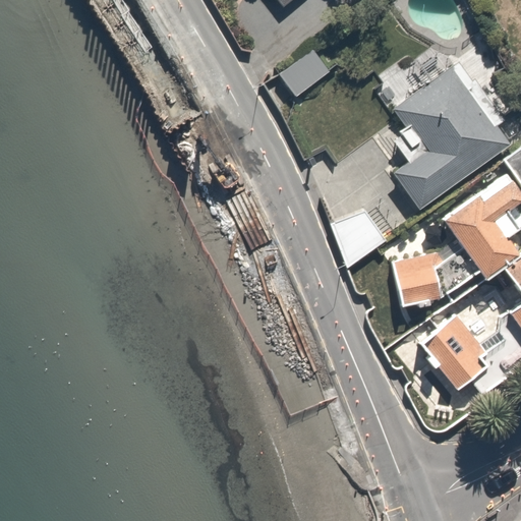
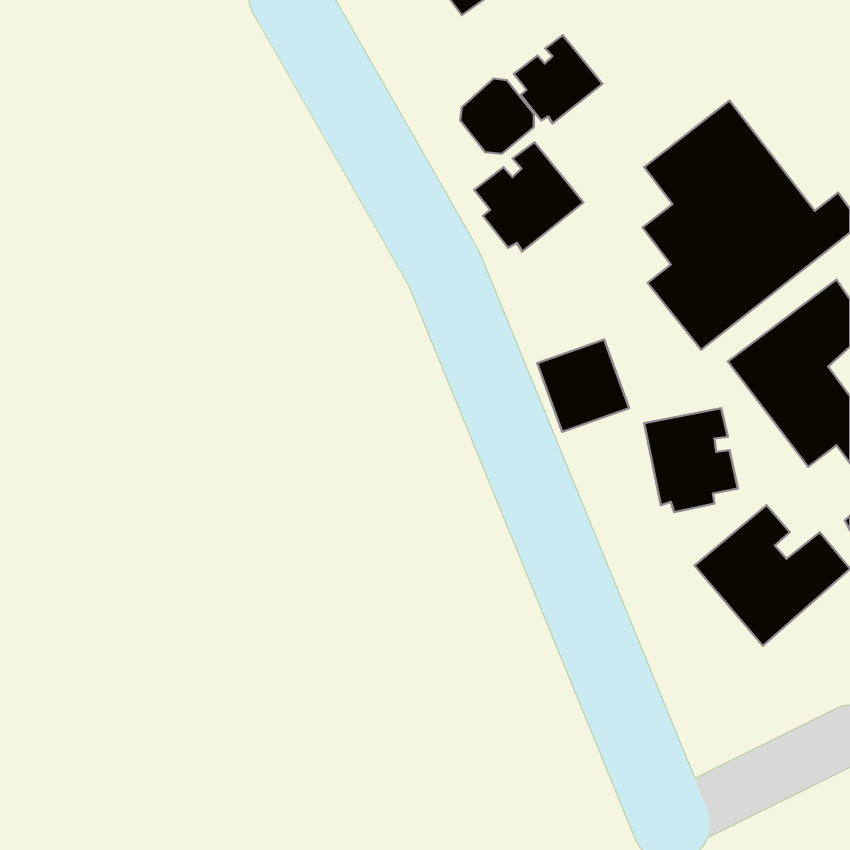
building: none -> [514,35,602,124]
building: none -> [474,142,584,252]

